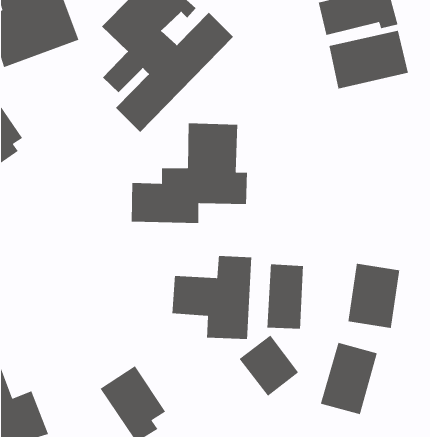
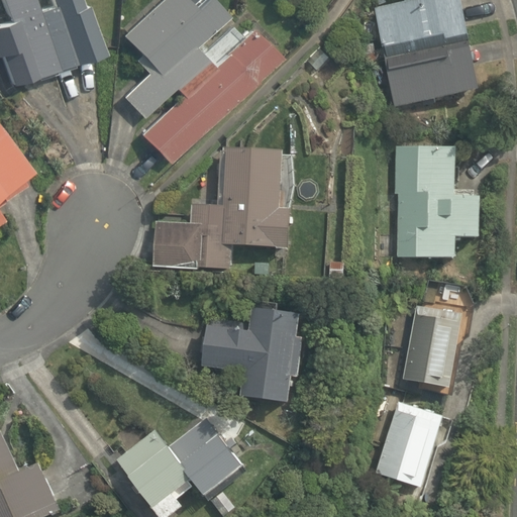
building: none -> [396,143,481,254]
building: [267,263,304,329] -> none
building: [238,334,299,397] -> [171,418,241,491]

